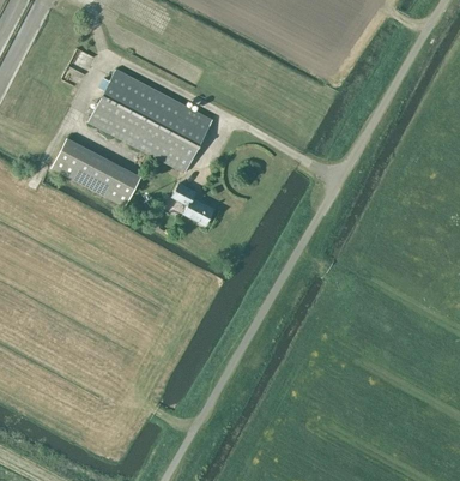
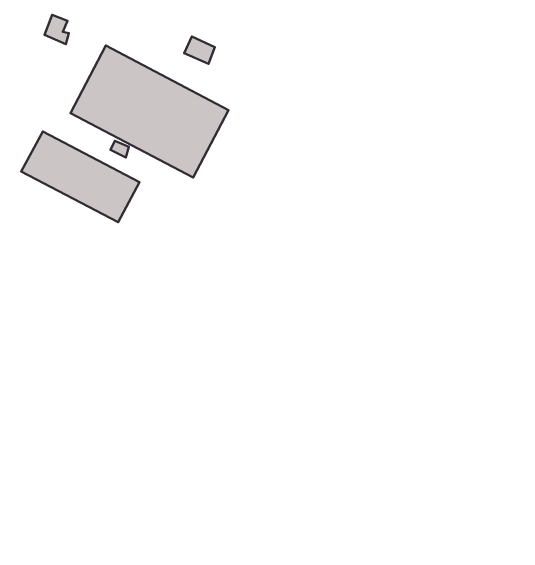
building: [172,184,214,226] -> none

